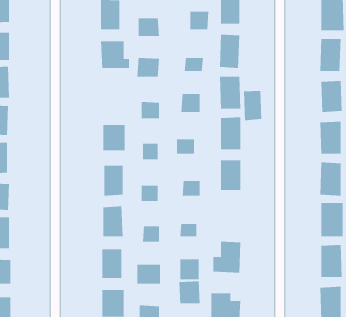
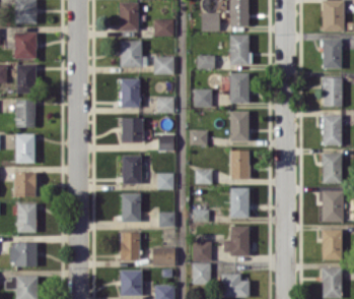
building: none -> [121,78,140,108]
building: [244,90,262,121] -> none
building: none -> [230,188,250,218]

